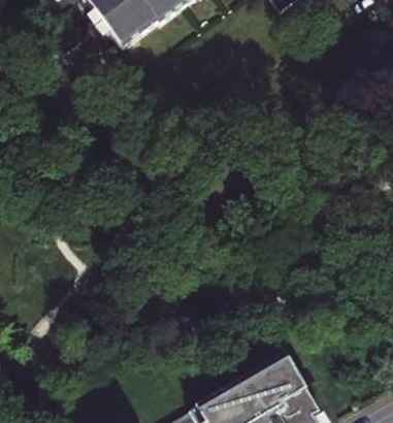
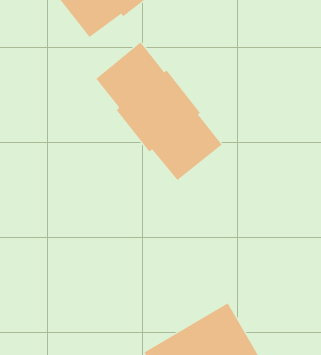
building: none -> [95,42,222,181]

